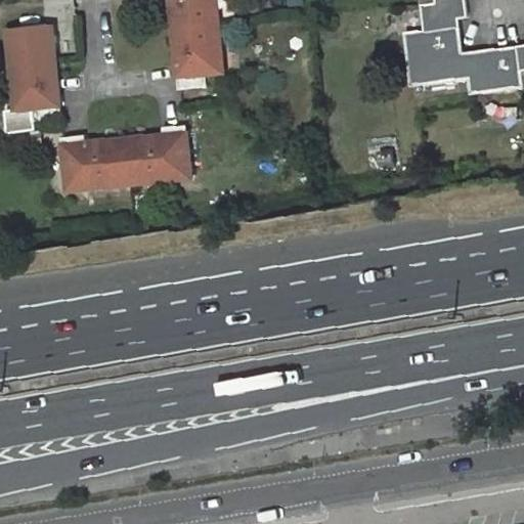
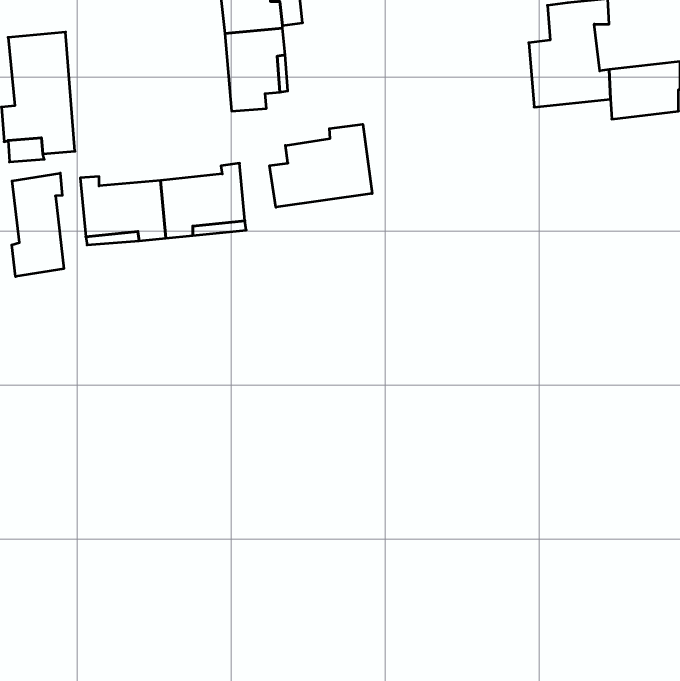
building: none -> [270,124,372,207]
building: none -> [12,173,64,277]

